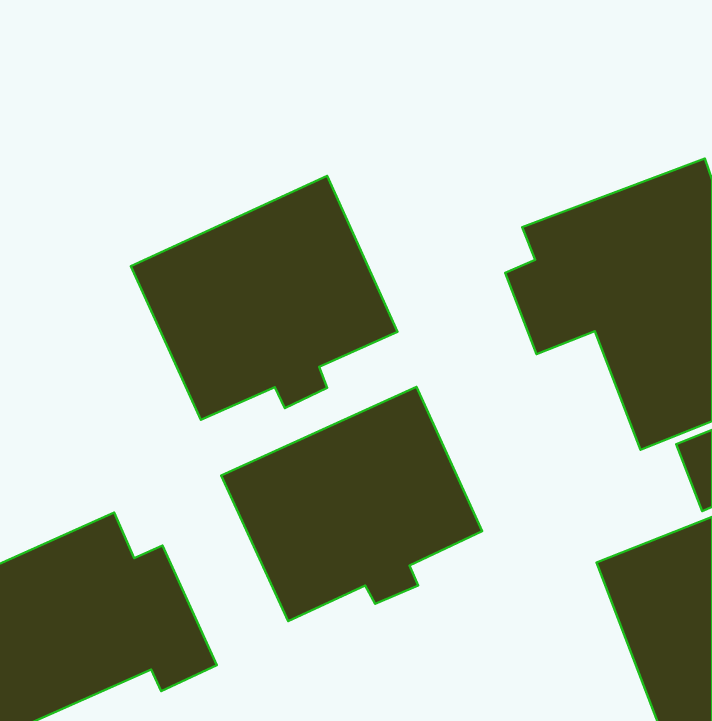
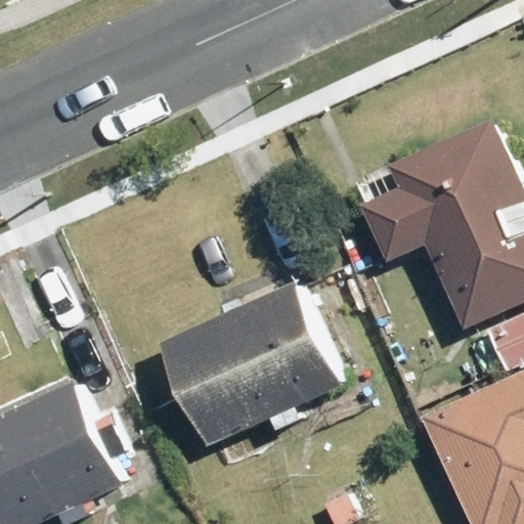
building: [131,176,397,420] -> none

